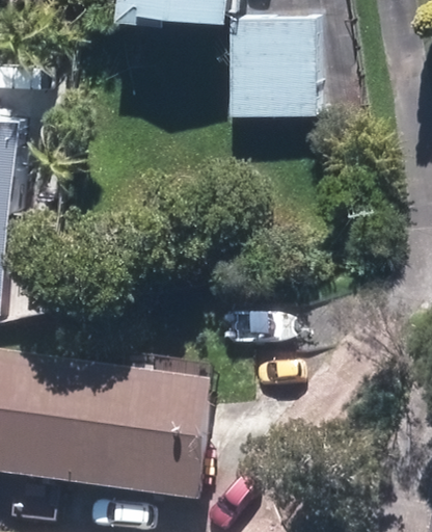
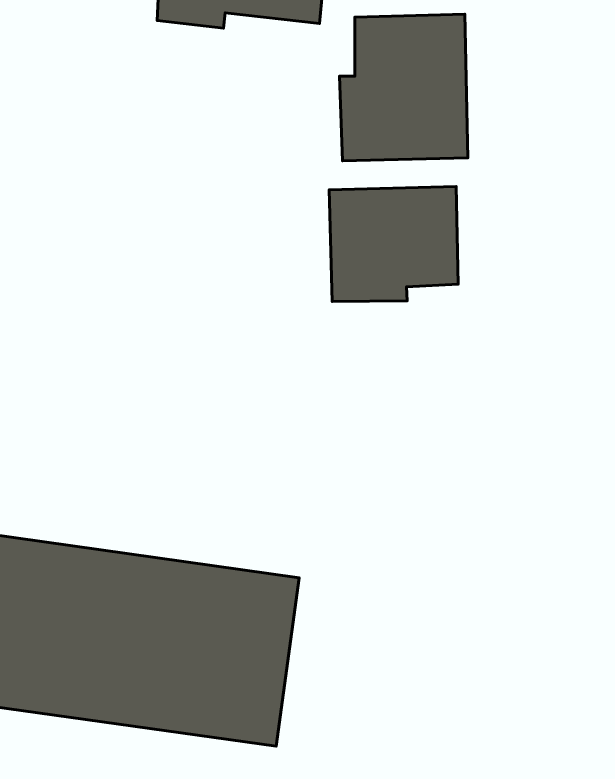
building: none -> [329,186,458,302]

